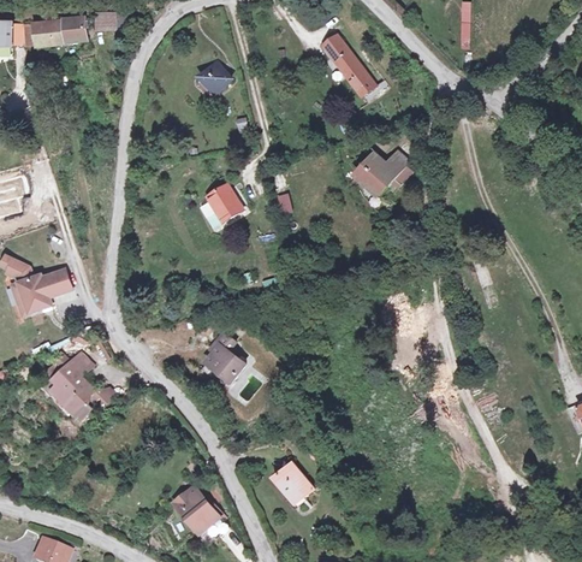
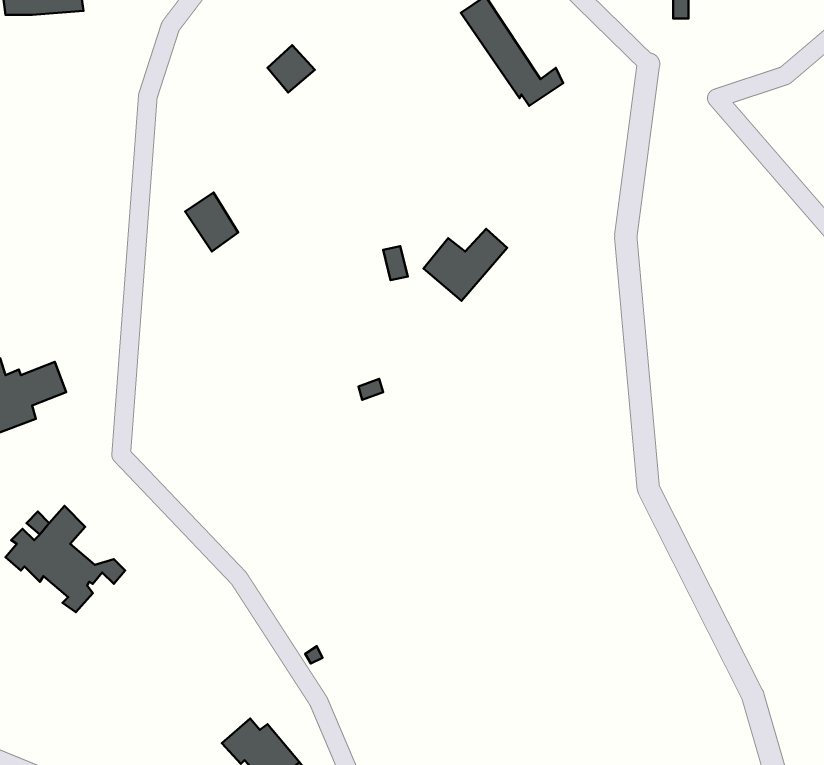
building: [358,152,411,197] -> [424,229,507,301]
building: [208,184,242,221] -> [185,193,238,251]
building: [204,332,242,385] -> none
building: [274,461,314,503] -> none

